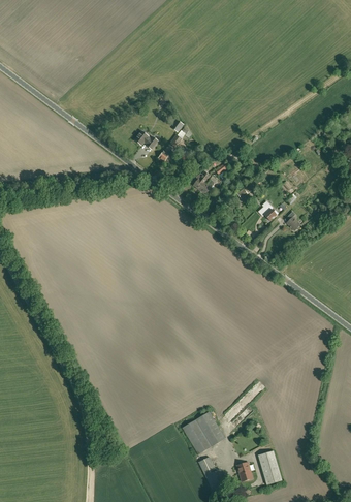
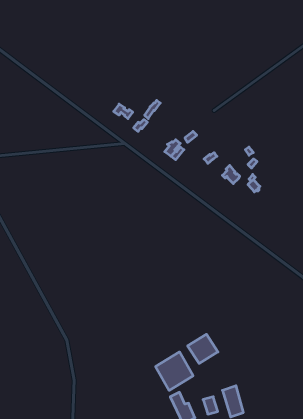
building: none -> [188,334,218,363]

